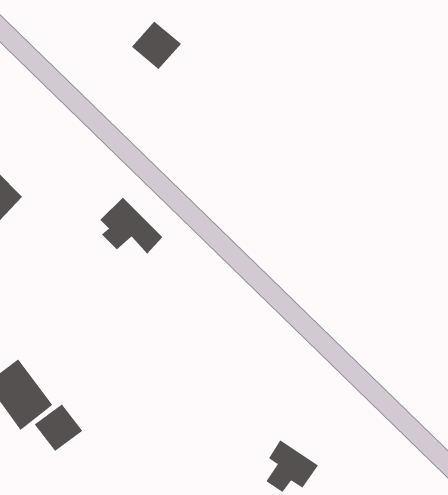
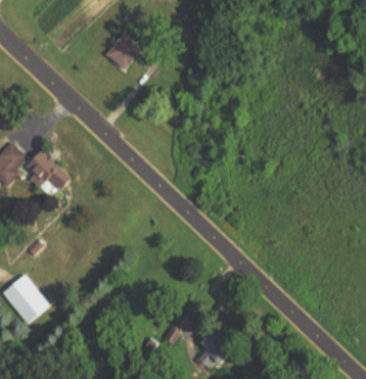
building: [100,197,163,255] -> [28,150,73,191]
building: [34,404,83,452] -> none

